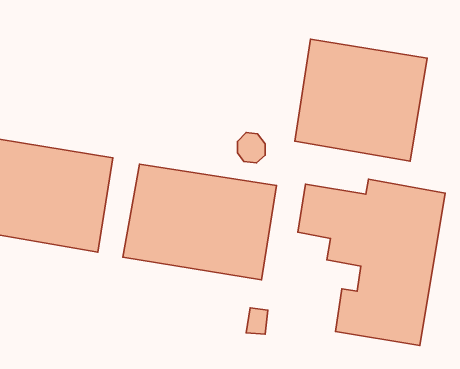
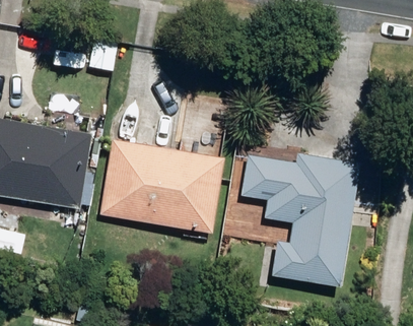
building: [295,39,427,161] -> none

